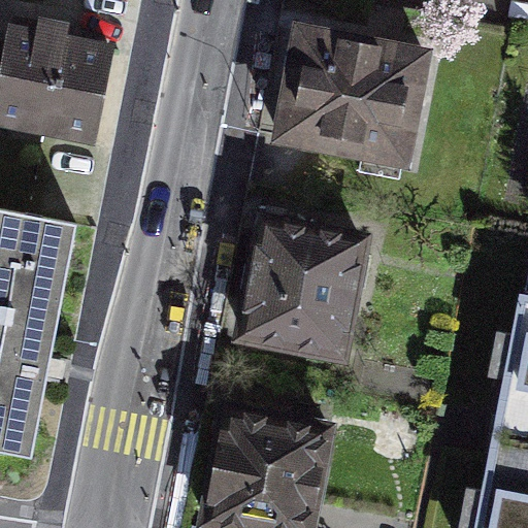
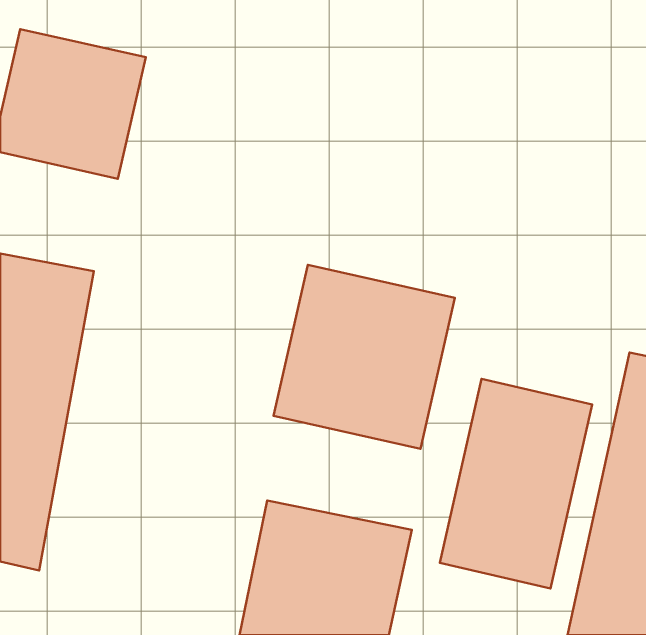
building: [264,24,428,171] -> none
building: none -> [440,379,592,588]

